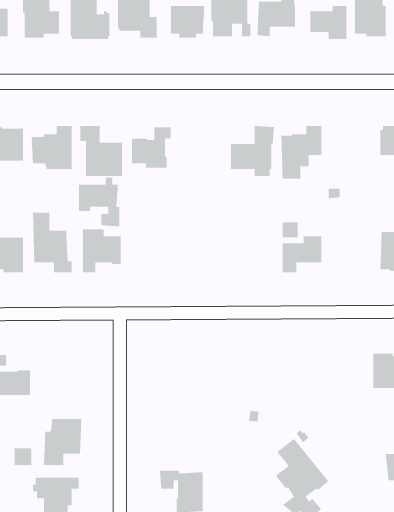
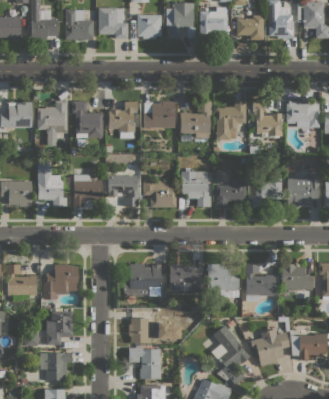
building: none -> [253,101,282,138]
building: none -> [144,102,175,128]
building: [78,177,120,227] -> [109,171,139,207]
building: none -> [181,172,211,207]
building: none -> [252,179,282,208]
building: none -> [143,180,176,208]
building: none -> [170,263,203,293]
building: none -> [245,263,276,301]
building: none -> [124,264,162,296]
building: none -> [208,264,239,297]
building: none -> [44,265,78,300]
building: none -> [129,310,153,344]
building: none -> [250,327,289,365]

